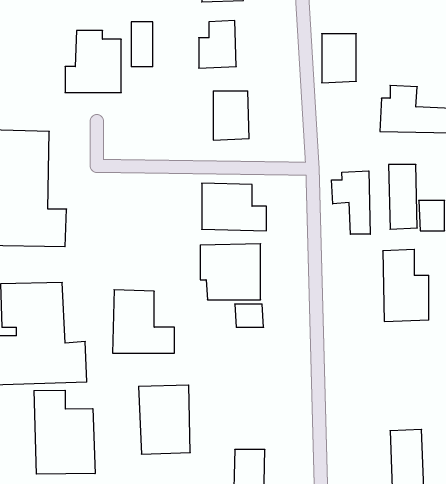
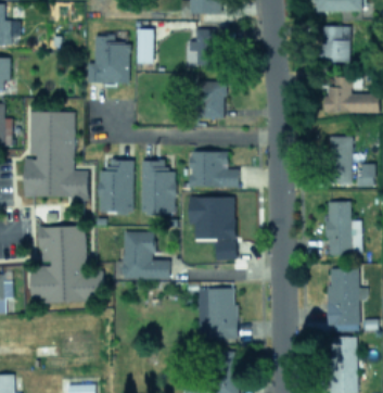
building: [322,34,356,83] -> [323,26,349,63]
building: [332,171,370,234] -> none
building: none -> [99,160,133,213]
building: none -> [141,160,176,213]
building: none -> [327,268,366,330]
building: [139,385,190,454] -> [197,288,237,340]
building: [34,390,95,474] -> none

